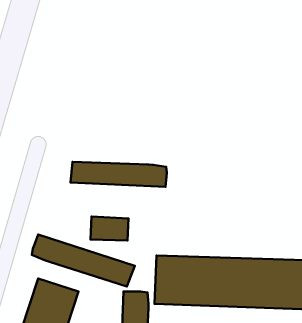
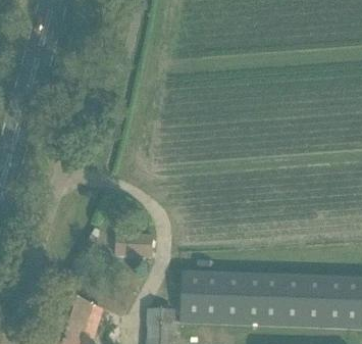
building: [70,162,167,187] -> none
building: [32,234,135,287] -> none

